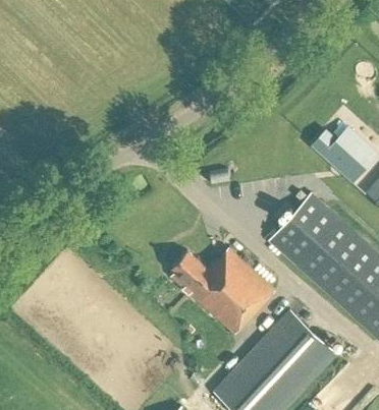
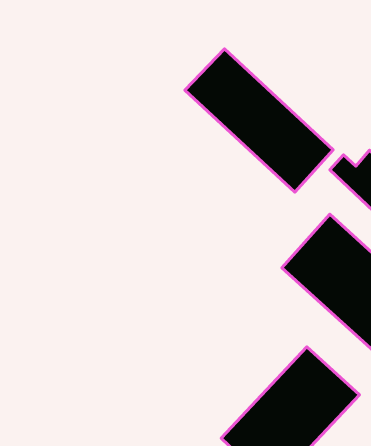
building: none -> [185,49,333,192]
building: [169,247,275,335] -> none

